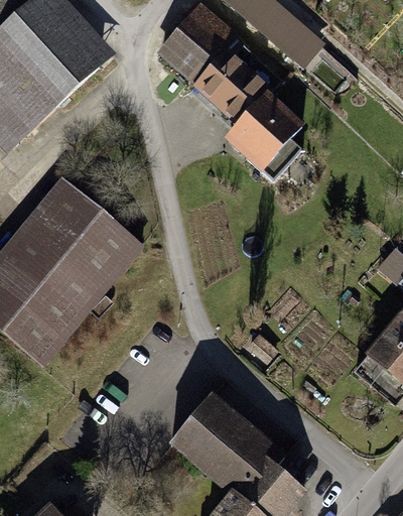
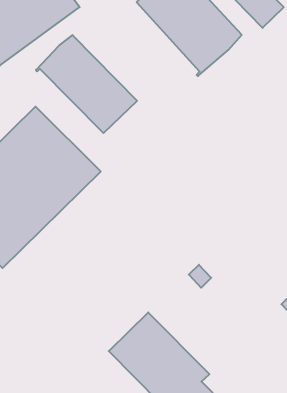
building: [234,95,302,179] -> none
building: none -> [36,35,137,133]

